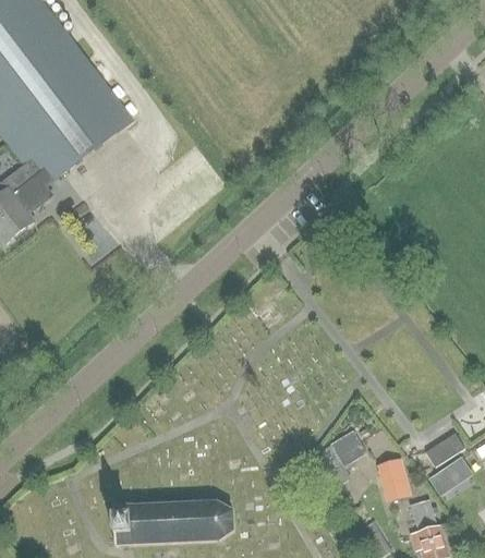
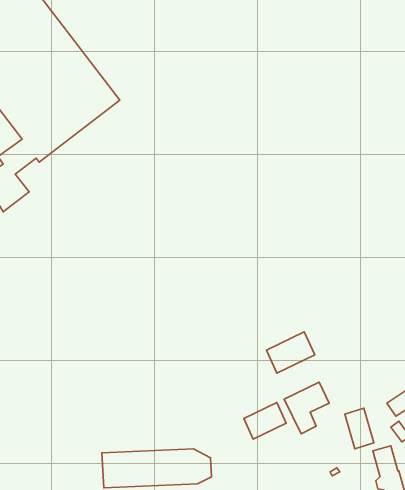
building: none -> [267,332,315,373]
building: none -> [244,402,286,439]

